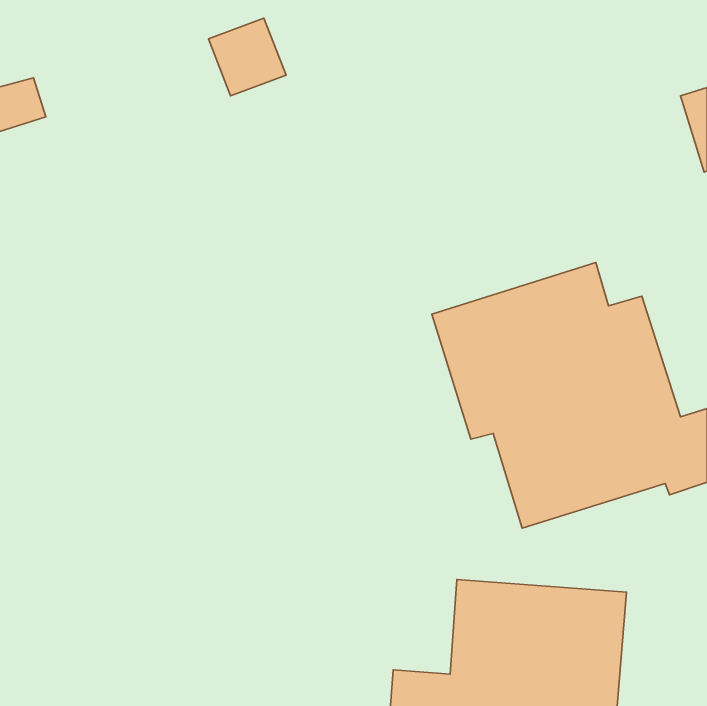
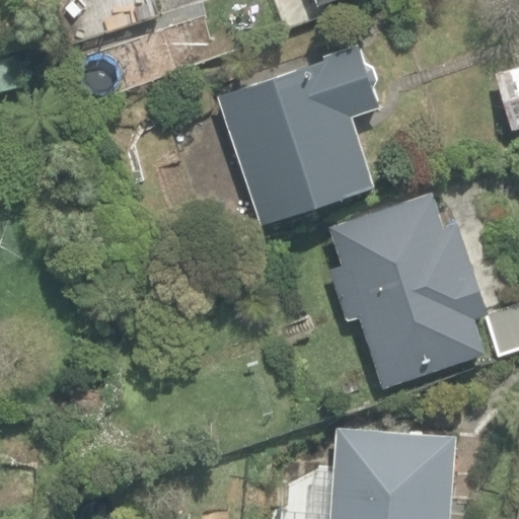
building: none -> [216,43,380,226]

